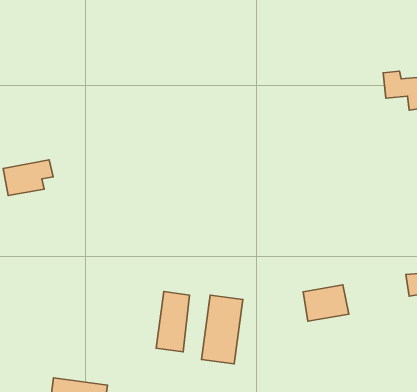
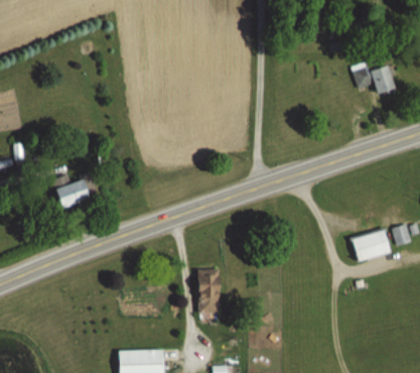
building: [303,285,349,321] -> [352,228,391,261]
building: [202,295,243,364] -> none

